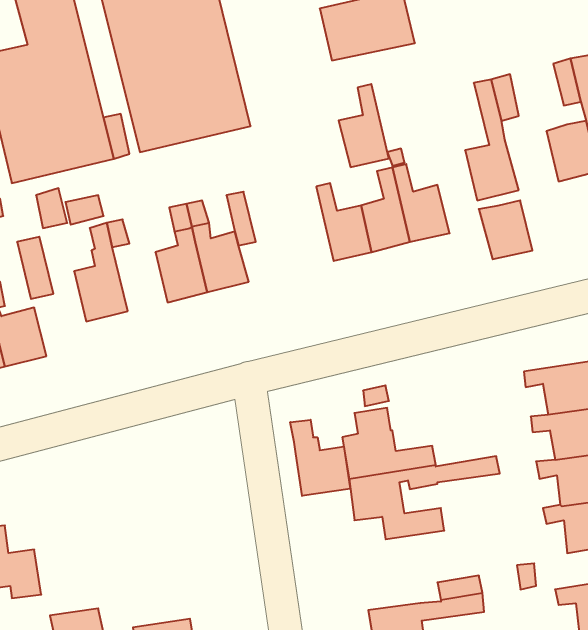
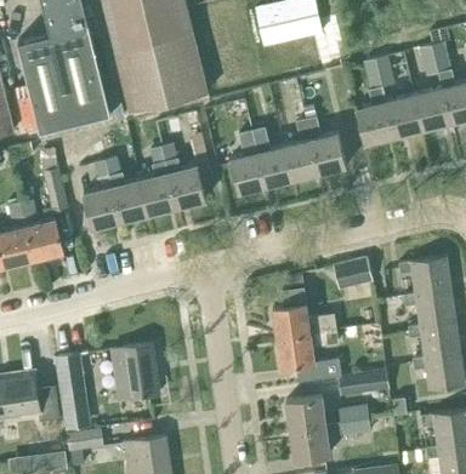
building: [339,84,389,167] -> [229,135,265,193]
building: [479,200,532,259] -> [385,96,422,137]
building: none -> [112,181,148,222]
building: none -> [331,258,373,292]
building: [290,420,350,496] -> none
building: none -> [110,345,158,401]
building: none -> [55,354,90,432]
building: none -> [336,370,388,398]
building: none -> [284,396,325,432]

